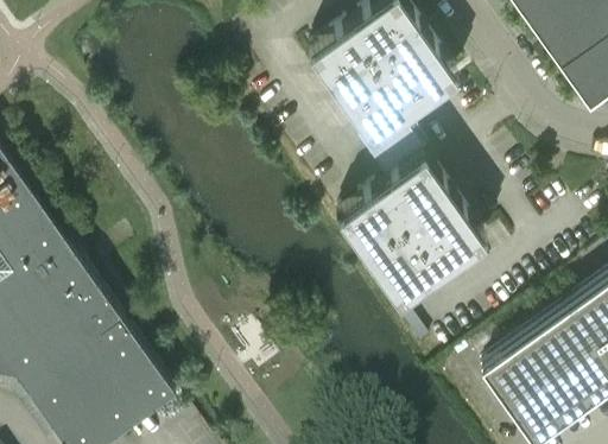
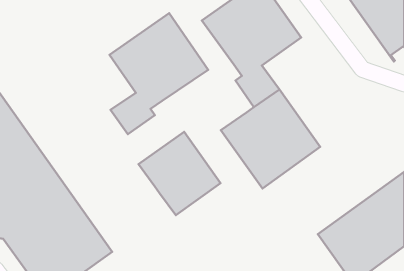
building: none -> [110,13,208,134]
building: none -> [139,132,221,215]

